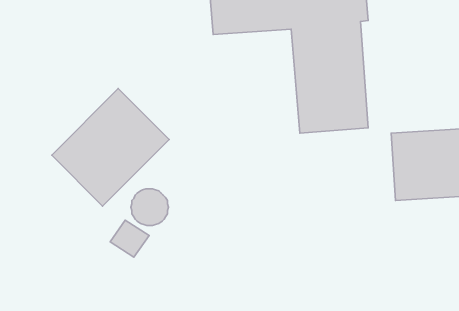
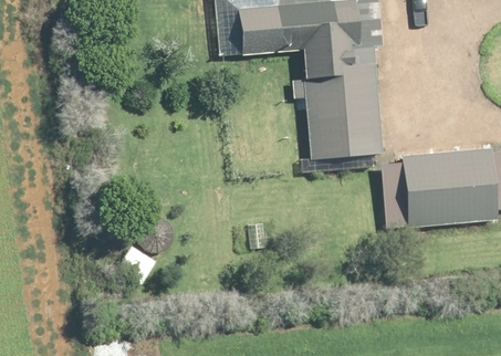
building: [52,89,169,206] -> none

